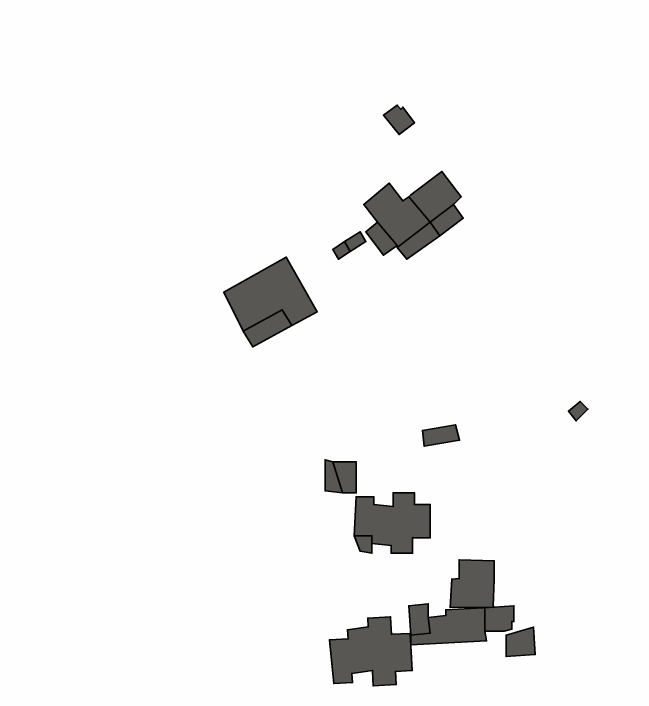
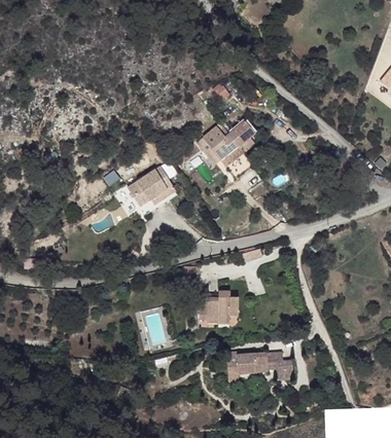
building: [450,560,494,607] -> none
building: [329,617,412,686] -> none

